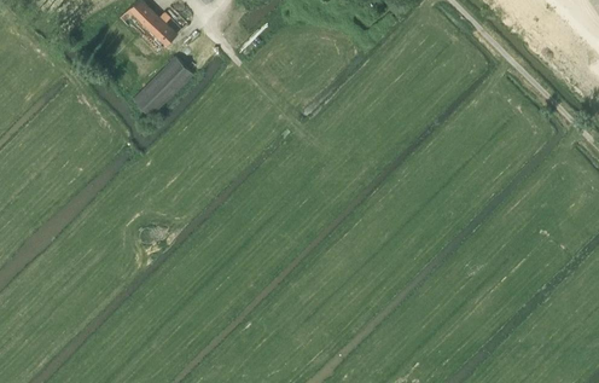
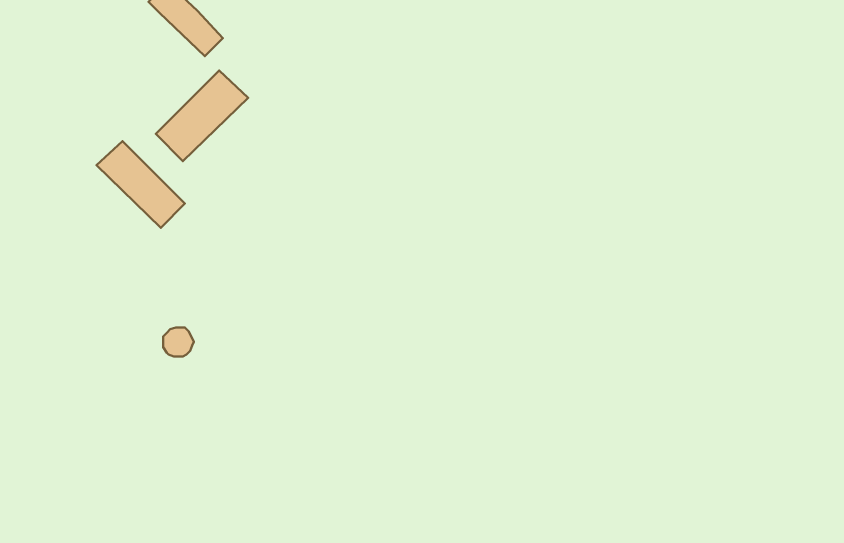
building: none -> [97,141,185,228]

